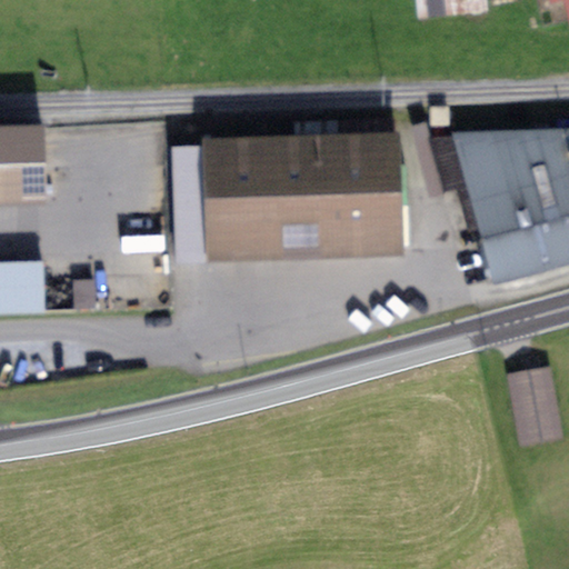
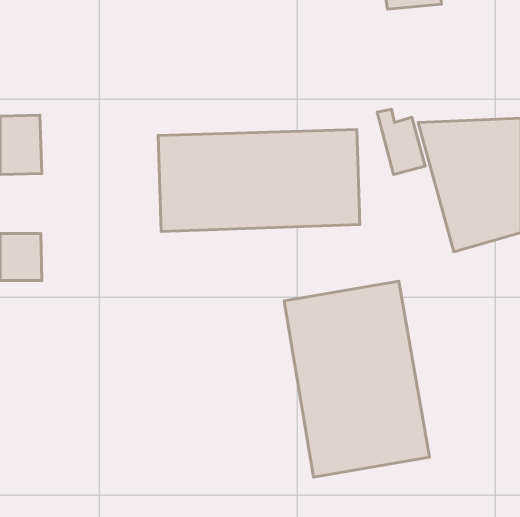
building: none -> [284,281,429,477]
building: [515,370,558,437] -> none

